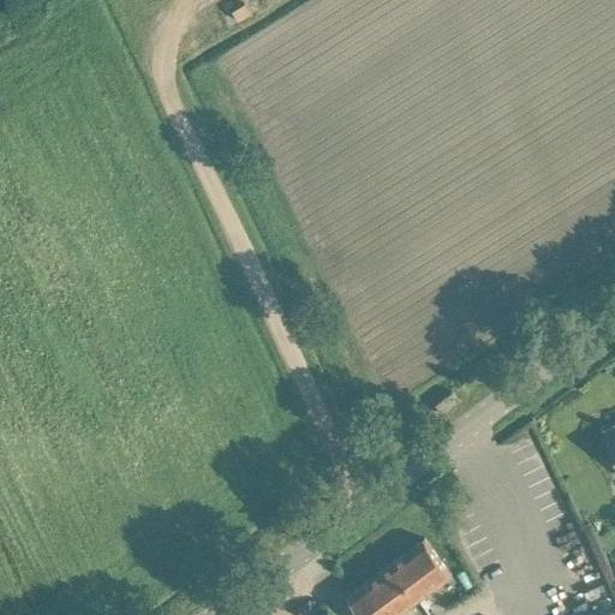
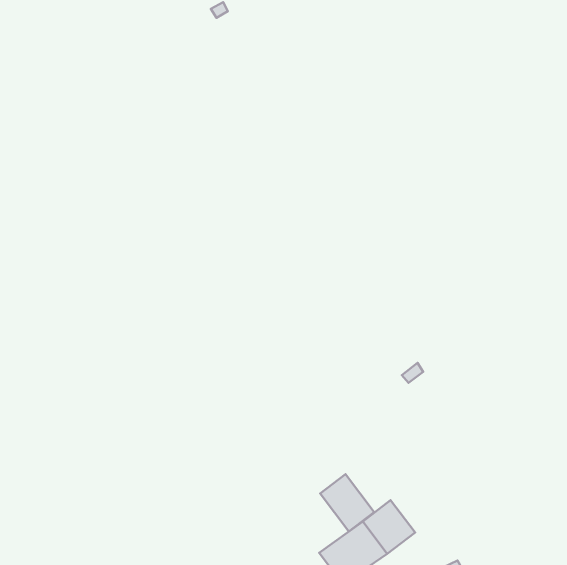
building: none -> [320,474,374,531]

